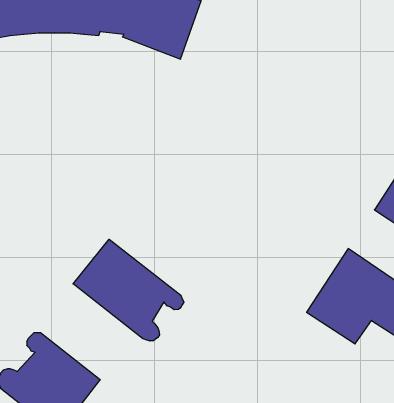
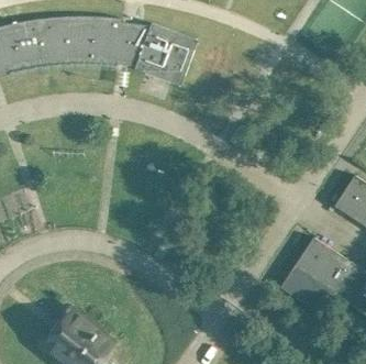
building: [73,239,184,341] -> none

